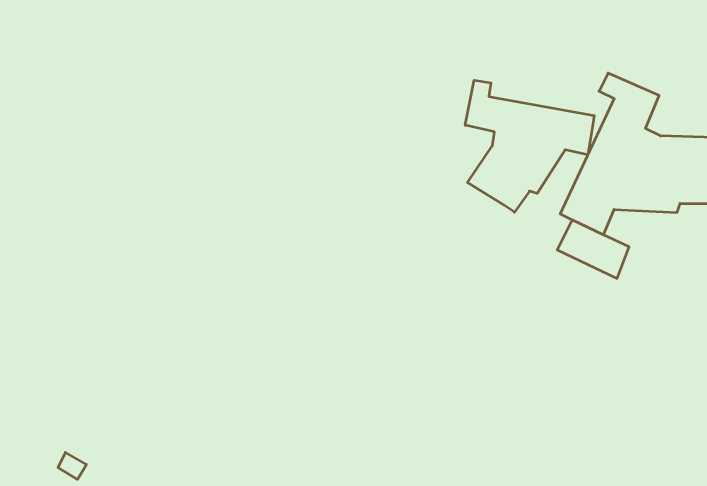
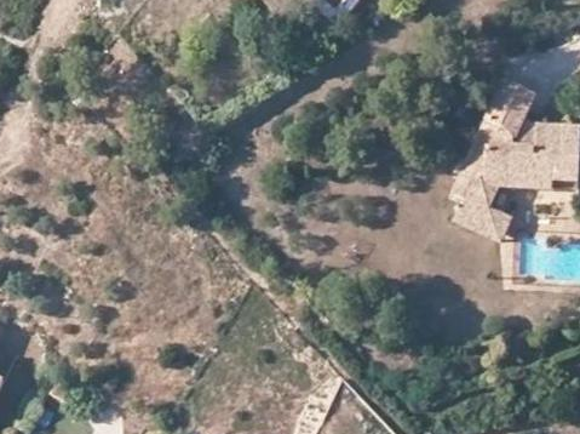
building: [465,80,594,212] -> none

